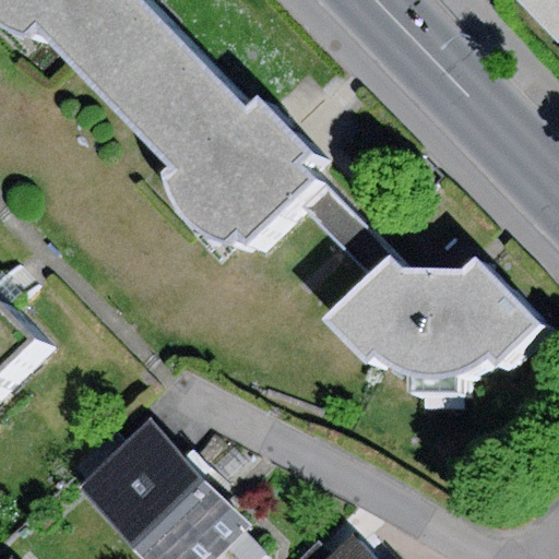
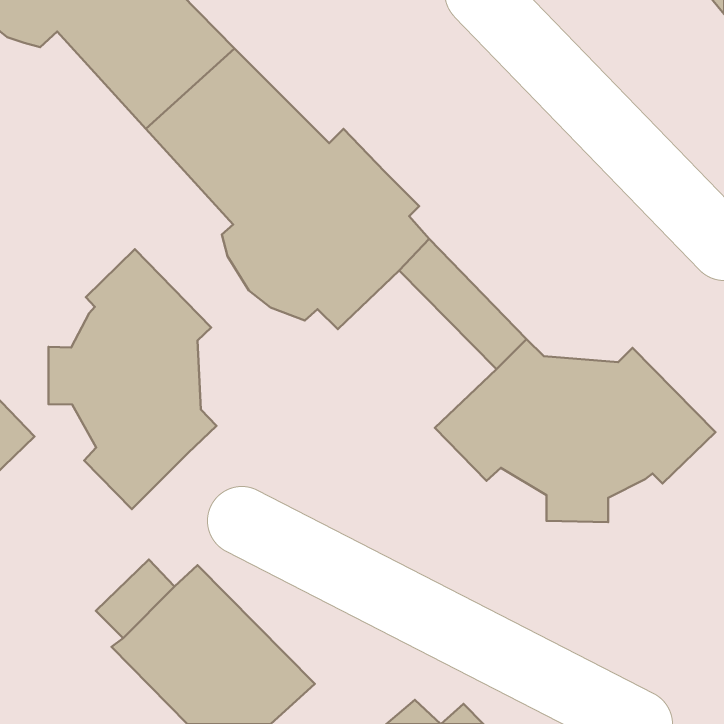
building: none -> [48,249,216,509]

